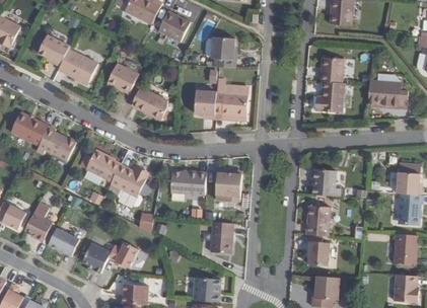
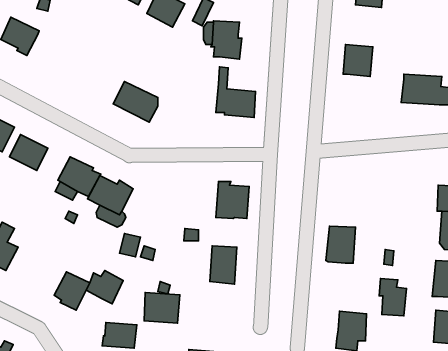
building: [57,48,97,83] -> none
building: [105,62,138,92] -> none
building: [316,80,343,111] -> none
building: [194,90,215,118] -> none
building: [311,168,339,196] -> none
building: [169,170,205,194] -> none
building: [48,228,78,252] -> none
building: [305,234,328,264] -> [379,279,406,316]
building: [192,277,221,302] -> [144,292,180,323]

